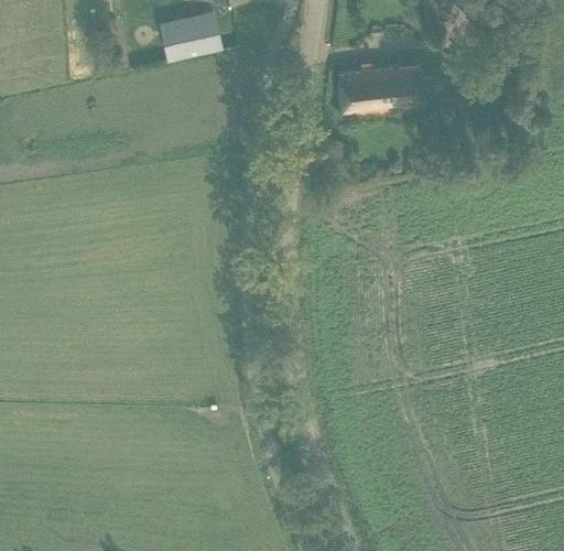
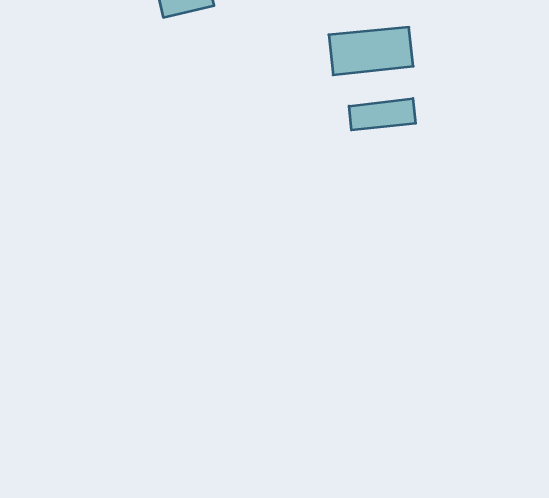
building: none -> [349,98,416,130]

